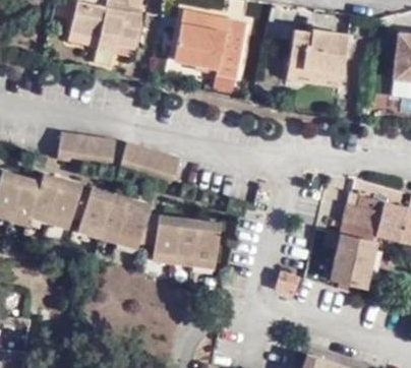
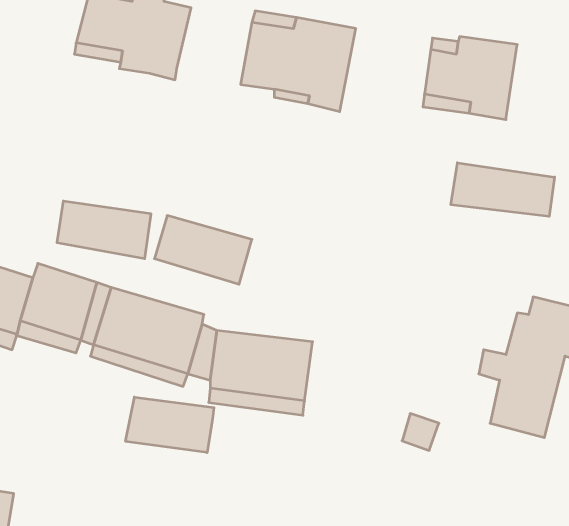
building: none -> [451,163,555,216]
building: none -> [126,397,214,453]

